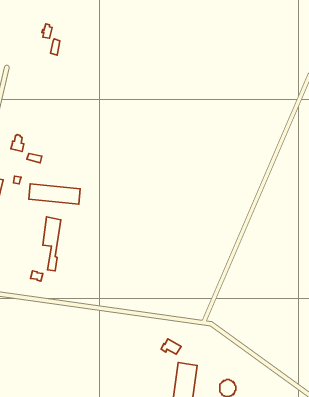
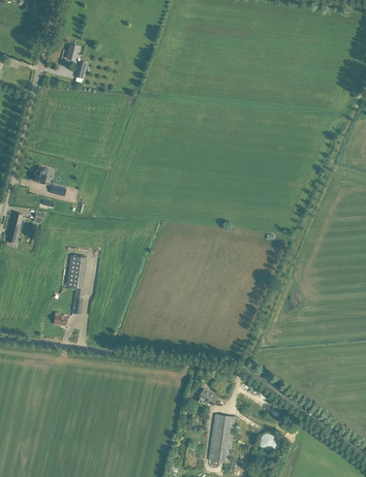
building: [29,184,80,204] -> none

